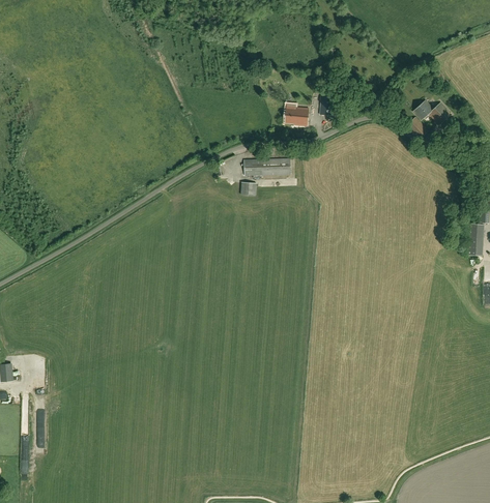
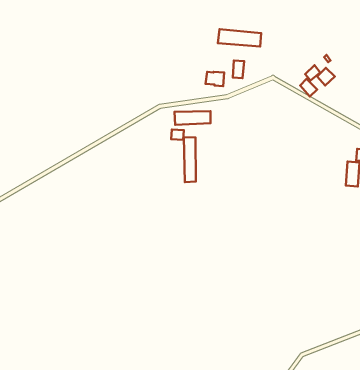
building: none -> [218,29,261,47]
building: none -> [184,137,196,182]

